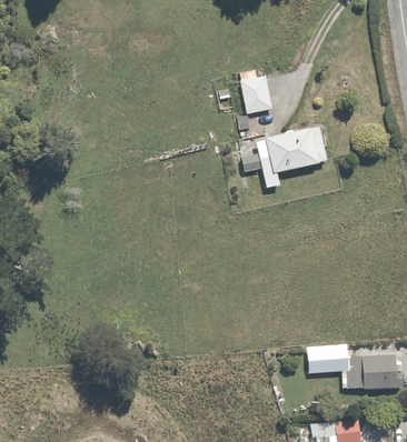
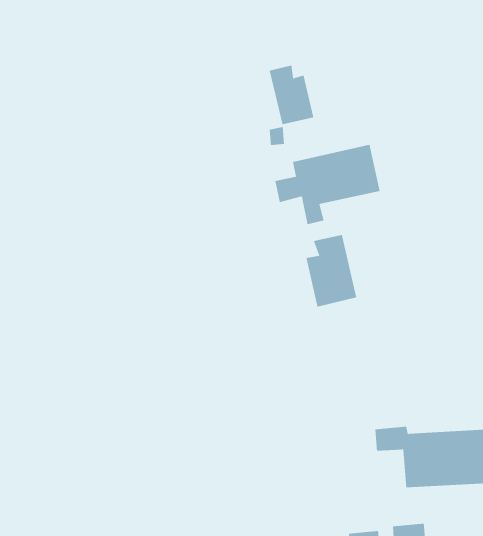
building: none -> [306,234,357,307]

